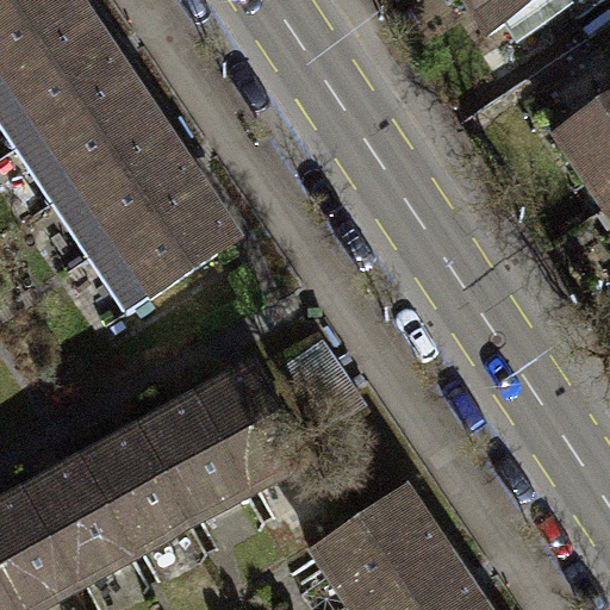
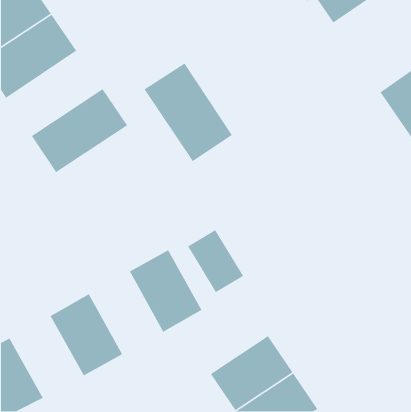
building: [13,75,156,200] -> none
building: none -> [144,63,233,162]
building: [87,185,230,310] -> none
building: [136,399,244,522] -> none
building: [19,465,127,586] -> none

